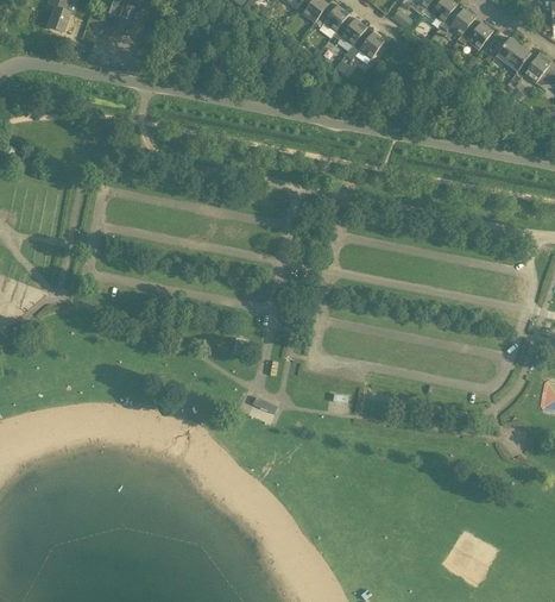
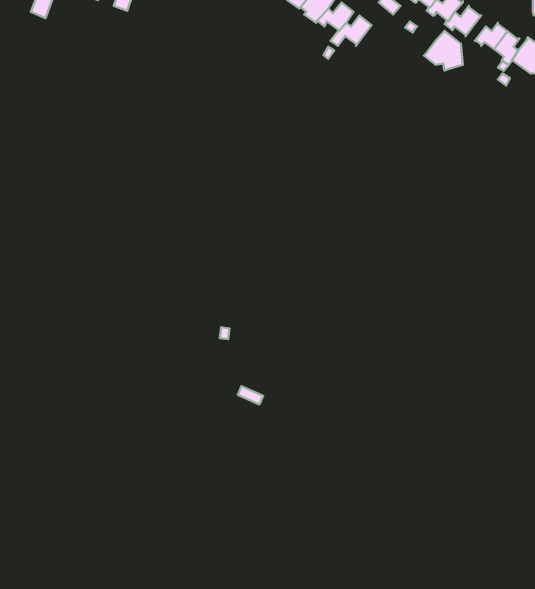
building: none -> [424,31,463,71]

